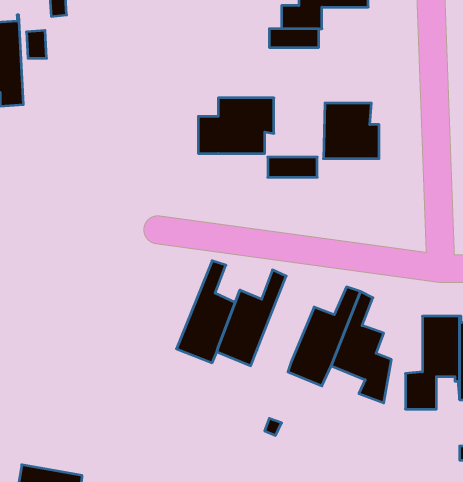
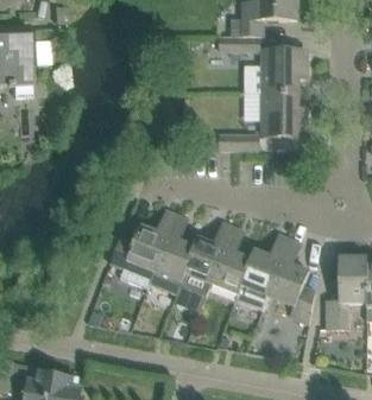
building: [198,98,274,153] -> [248,50,307,93]
building: none -> [111,209,177,288]
building: none -> [212,226,256,292]

